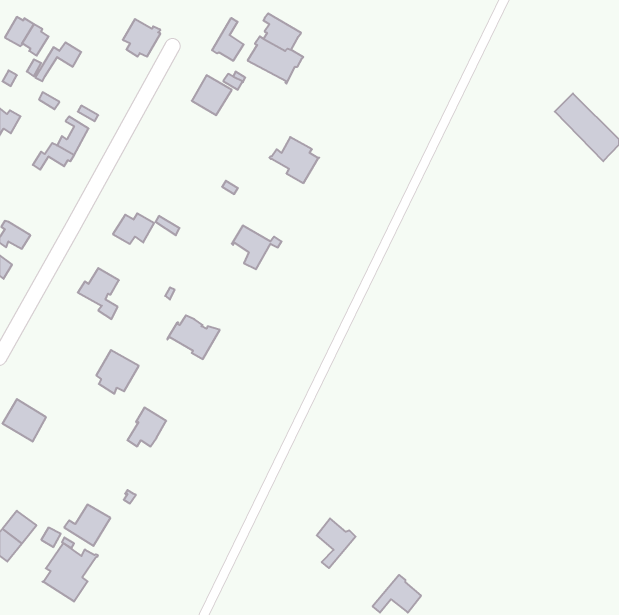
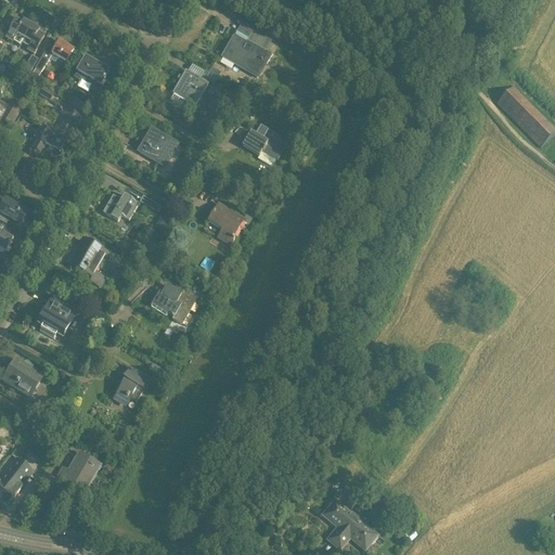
building: [212,18,244,61] -> none
building: [123,19,160,57] -> [74,54,107,88]
building: none -> [135,126,177,164]
building: [96,350,139,394] -> [36,297,74,336]
building: [317,518,356,568] -> [322,498,357,542]
building: [42,543,98,602] -> none

